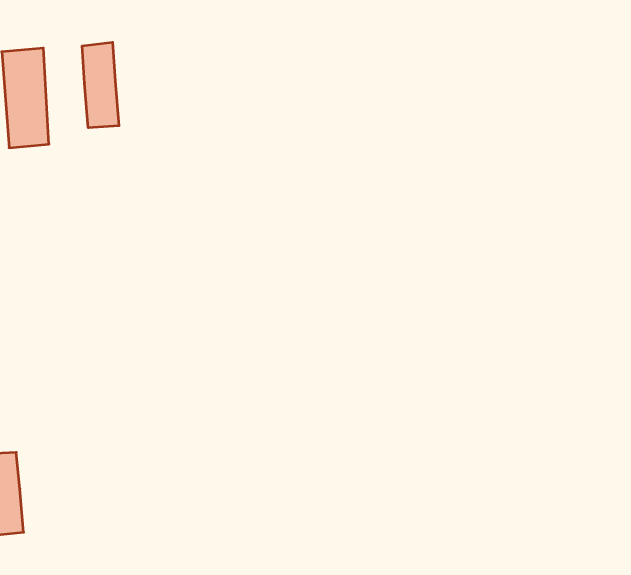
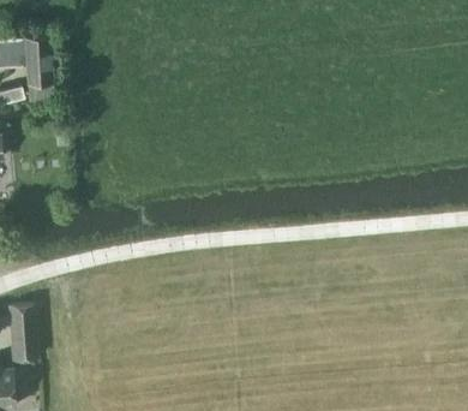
building: [82,42,119,128] -> none

